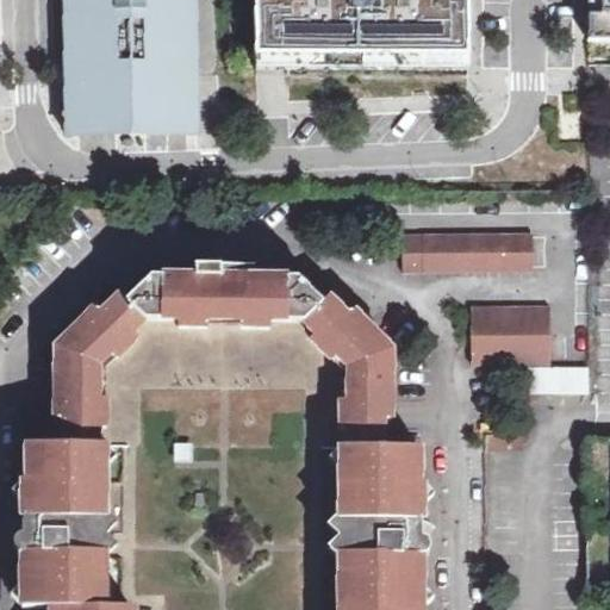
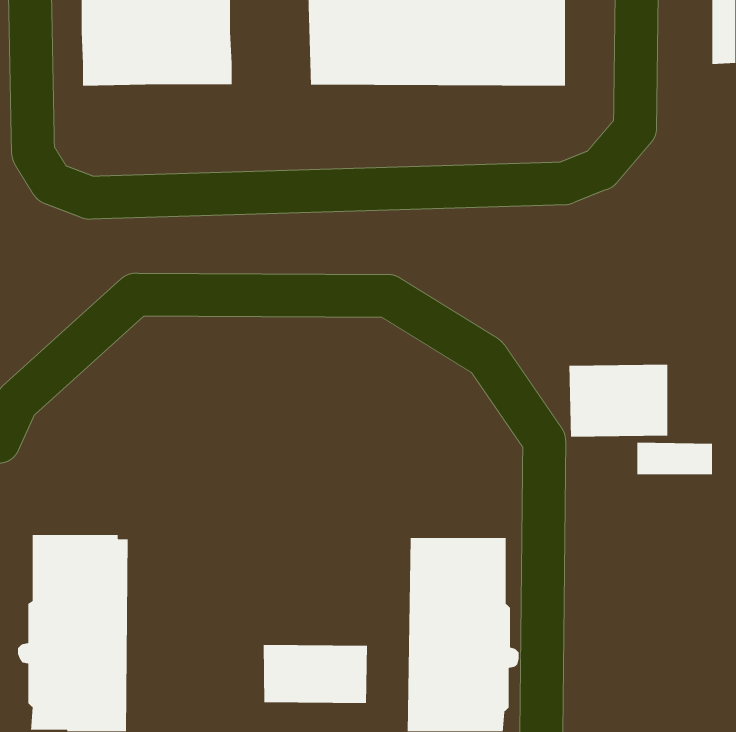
building: [68,70,193,132] -> none
building: [402,225,534,268] -> none
building: [55,263,391,443] -> none
building: none -> [263,644,368,704]

